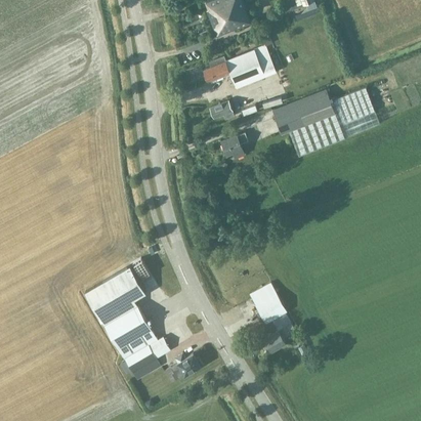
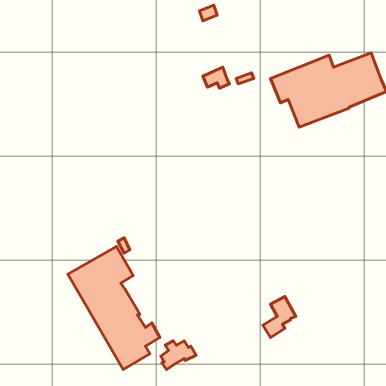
building: [204,46,276,89] -> none
building: [221,132,247,160] -> none
building: [249,284,287,325] -> none

